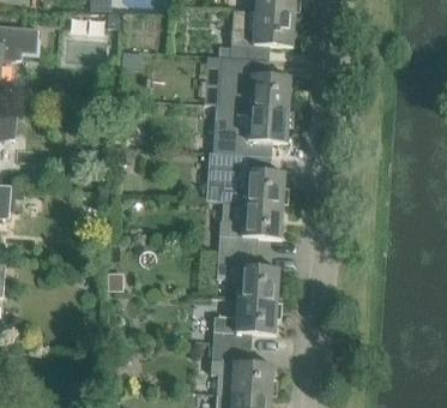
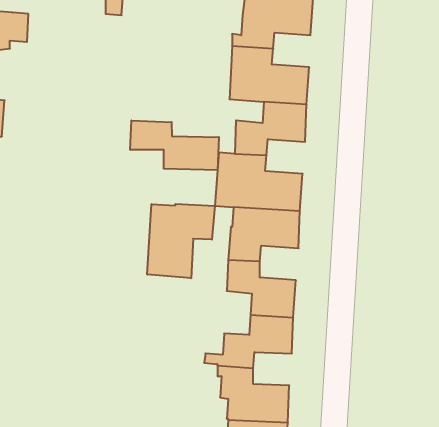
building: none -> [130,120,219,170]
building: none -> [147,204,215,278]

